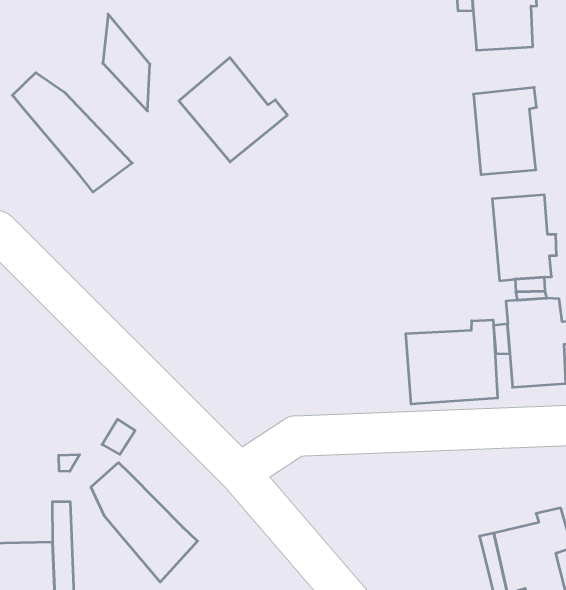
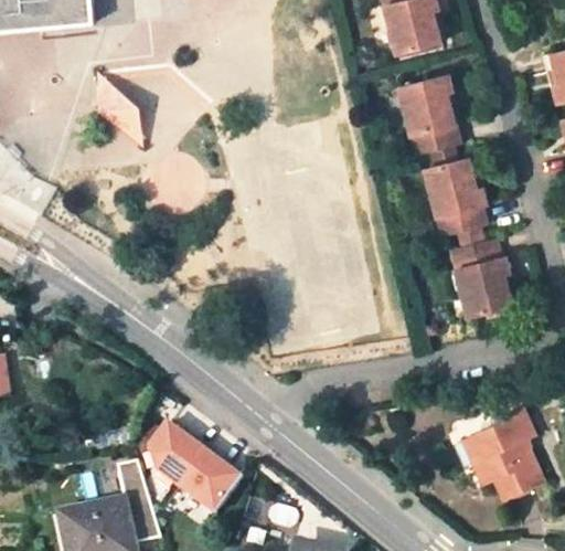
building: [179,58,287,162] -> none
building: [12,73,132,192] -> none
building: [406,320,498,404] -> none

